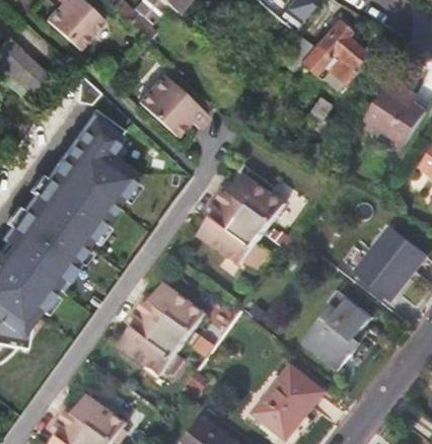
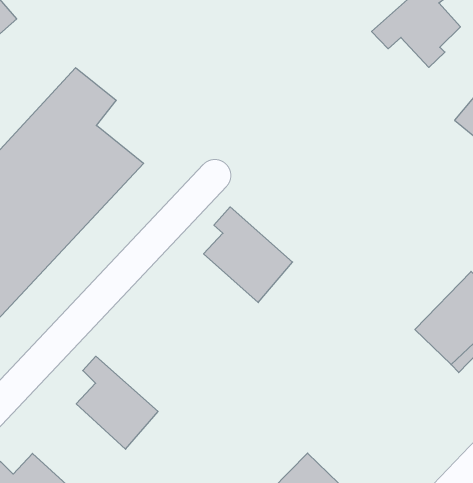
building: [135,71,206,132] -> none
building: [214,174,283,232] -> none
building: [130,293,199,349] -> none
building: [303,293,373,371] -> none

